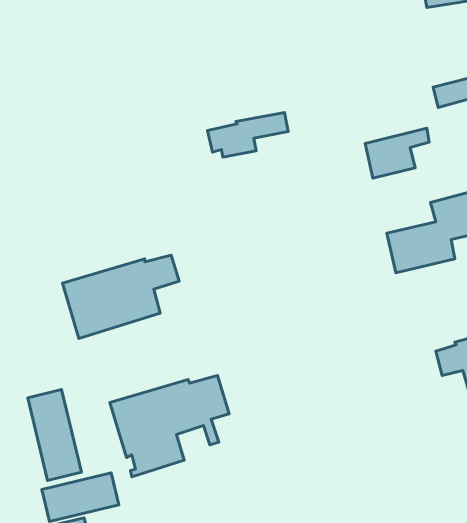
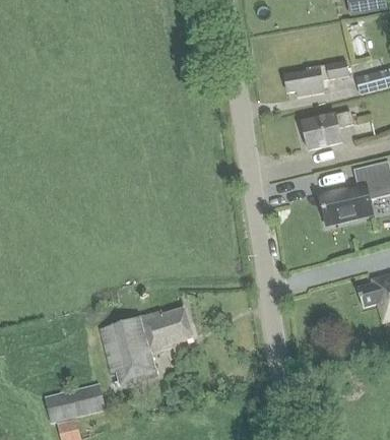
building: [207,112,288,157] -> [283,60,347,96]
building: [63,255,179,338] -> none
building: [28,390,81,480] -> none

